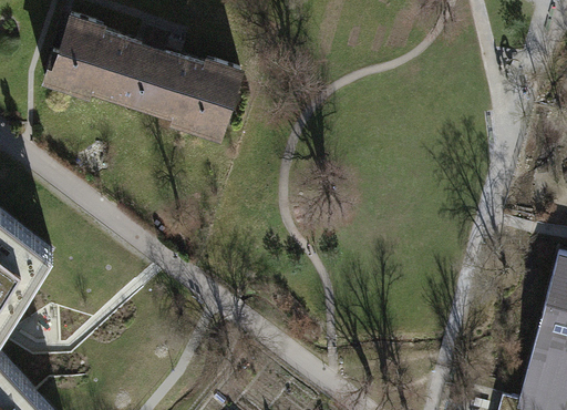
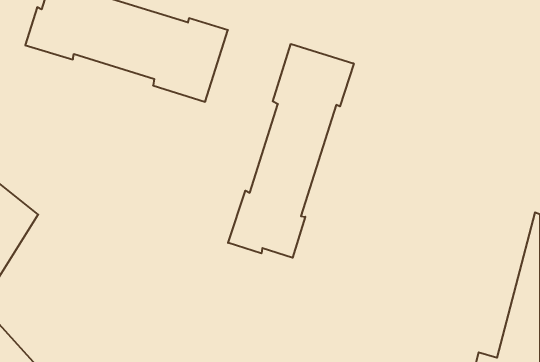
building: none -> [228,44,354,258]

